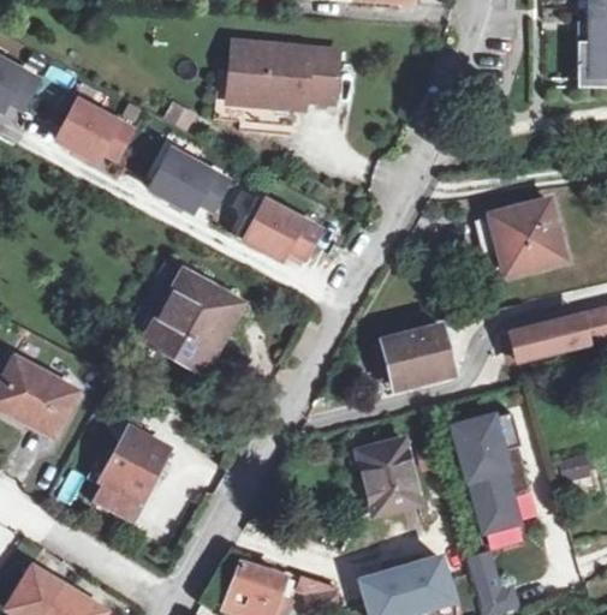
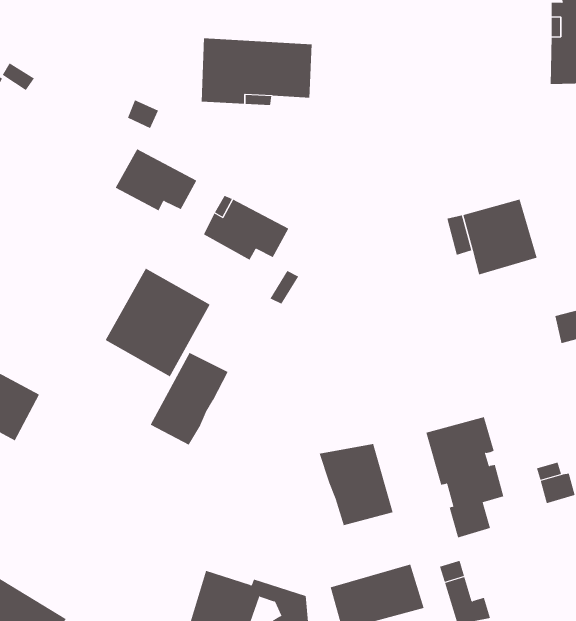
building: [58,101,135,161] -> none
building: [510,316,576,359] -> none
building: [382,324,453,386] -> none
building: [91,429,168,520] -> [150,352,228,446]

